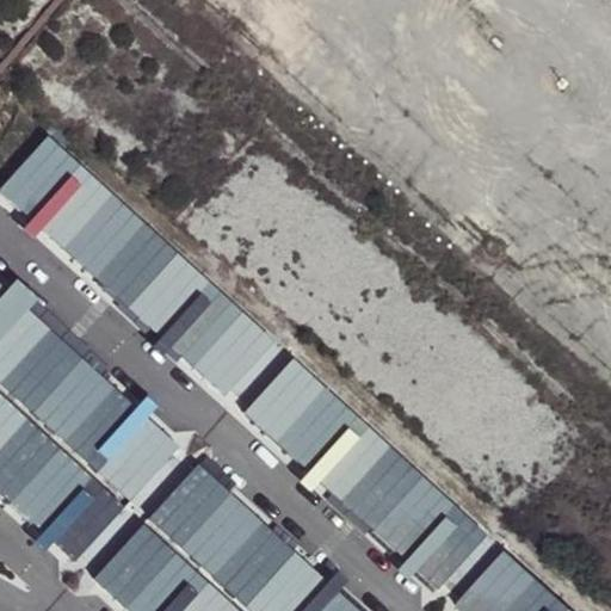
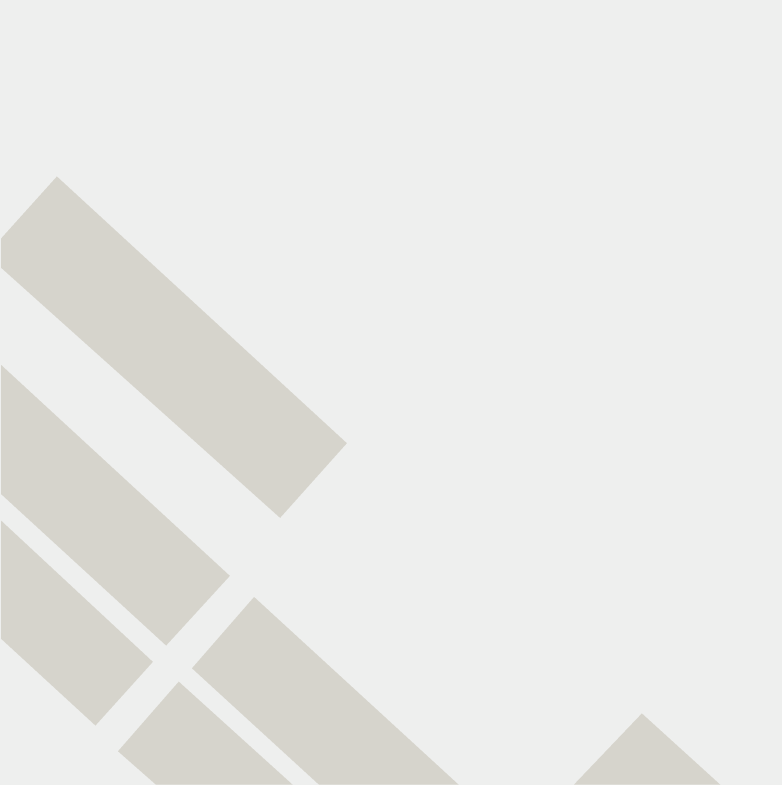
building: [240,358,487,598] -> none

